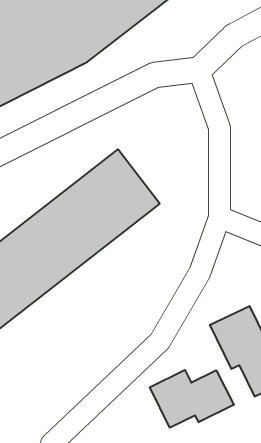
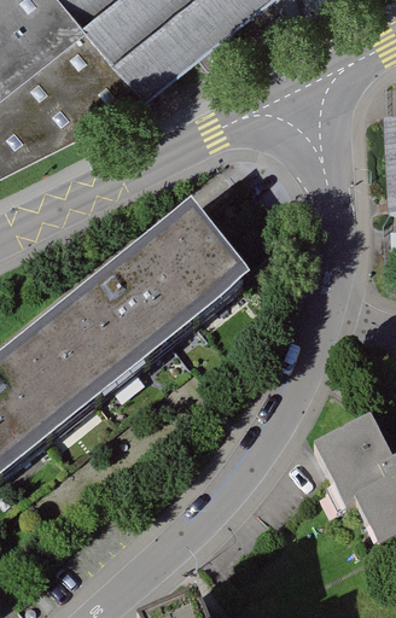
building: [150,370,234,428] -> none

